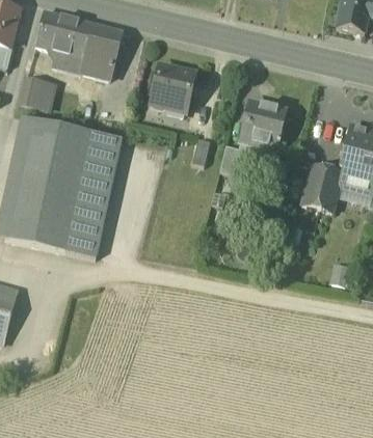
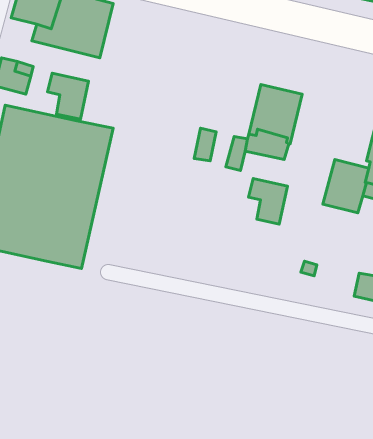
building: [151,63,196,111] -> none
building: none -> [47,73,89,119]
building: none -> [249,178,288,224]

